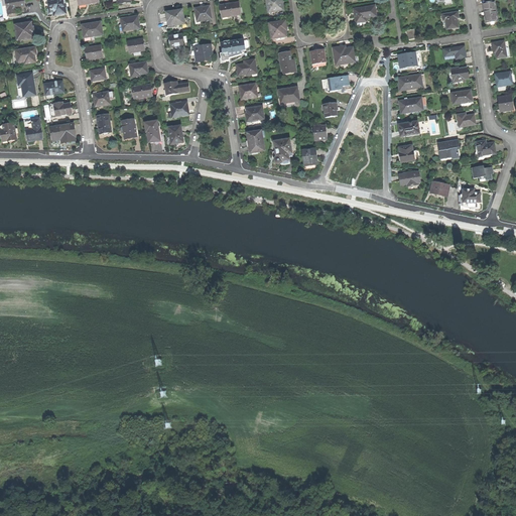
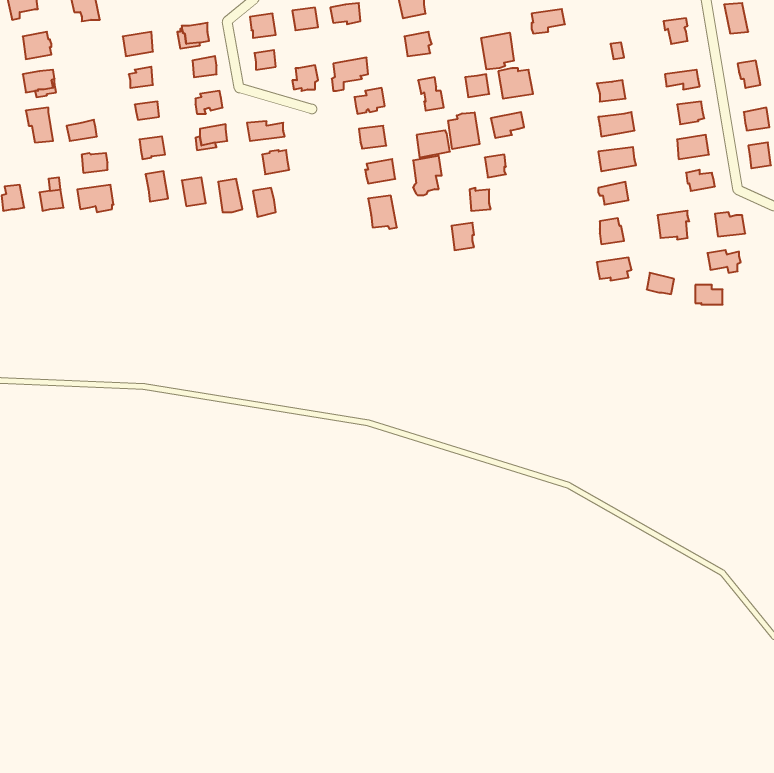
building: none -> [481,33,514,69]
building: none -> [448,112,480,149]
building: [272,138,291,164] -> [413,156,442,195]

